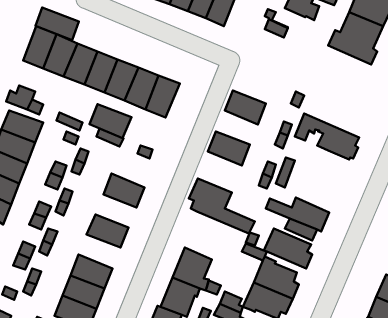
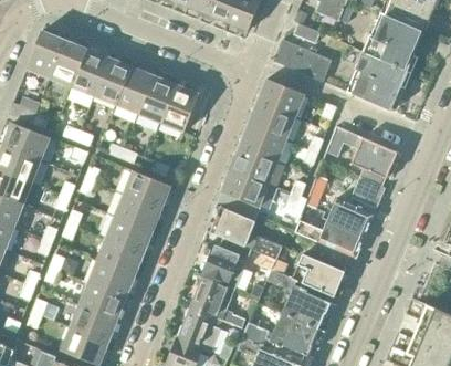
building: [35,7,79,40] -> none
building: none -> [273,39,329,81]
building: none -> [350,51,410,111]
building: none -> [258,77,304,115]
building: [89,104,132,138] -> [124,170,170,208]
building: none -> [239,123,285,160]
building: none -> [349,167,386,208]
building: none -> [221,168,268,206]
building: none -> [327,198,373,236]
building: none -> [106,216,151,252]
building: none -> [201,234,253,287]
building: none -> [87,260,134,297]

